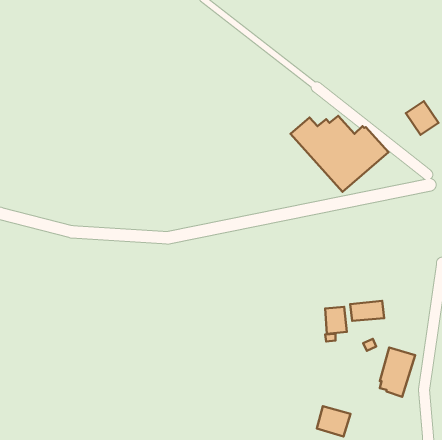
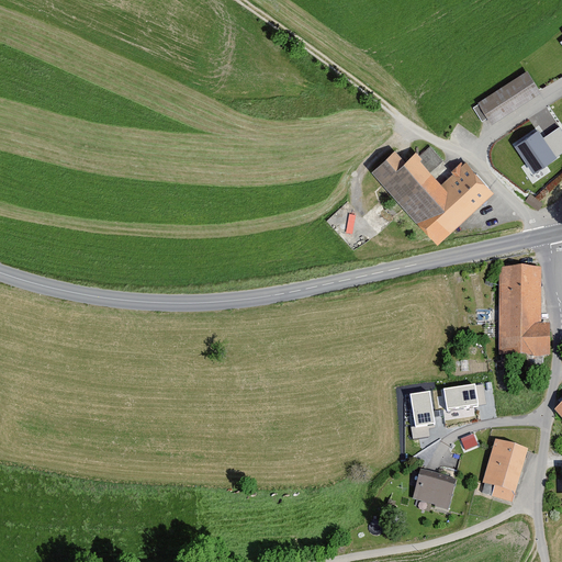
building: none -> [472,70,539,124]
building: none -> [497,269,549,356]
building: [317,406,350,436] -> [413,470,456,508]

